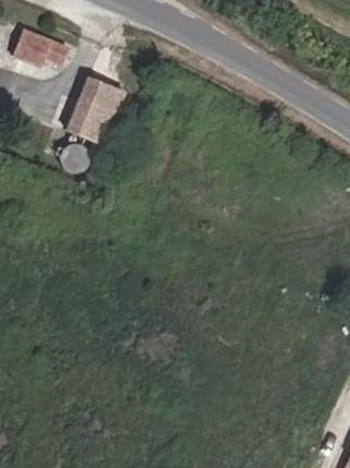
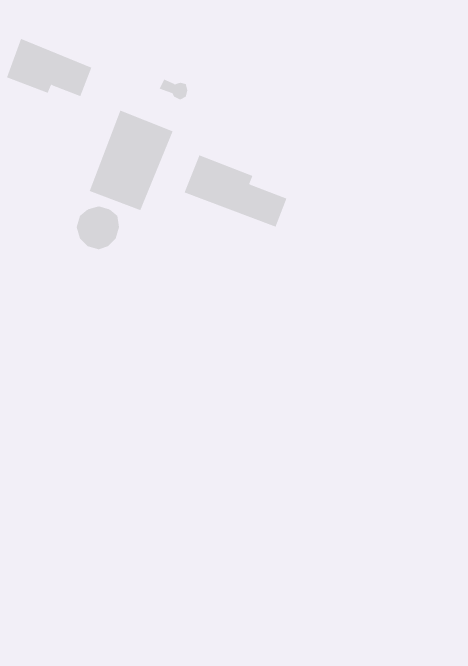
building: none -> [184,154,287,227]

